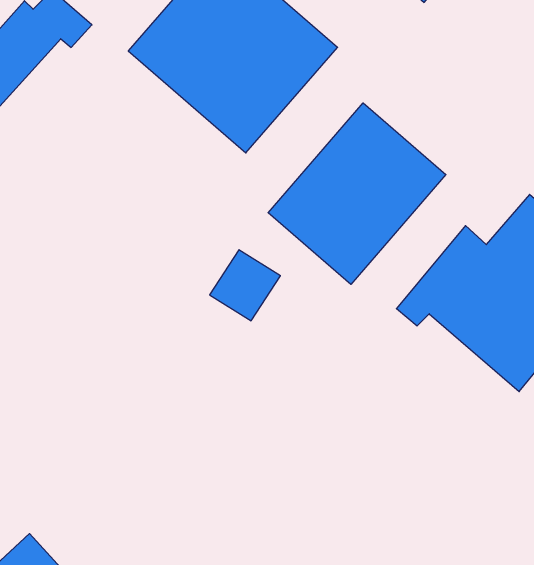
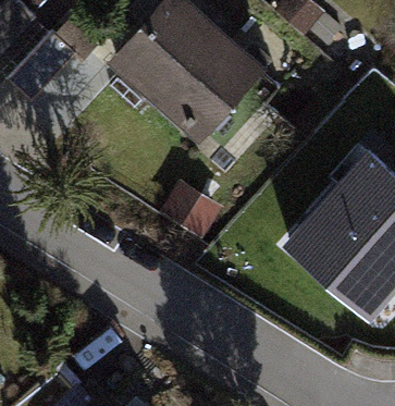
building: [268,103,446,284] -> none

